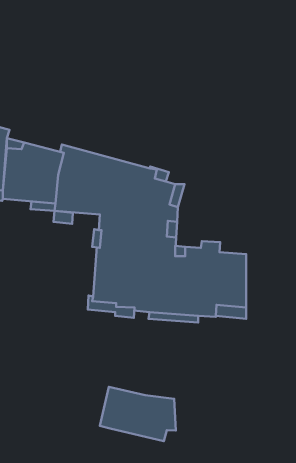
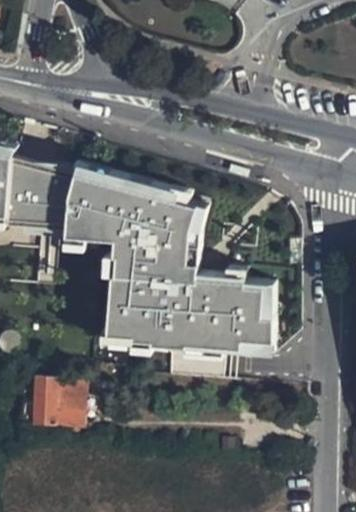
building: none -> [33,380,87,432]
building: [100,387,176,441] -> none

